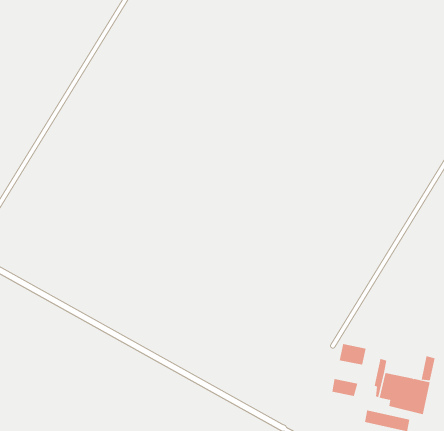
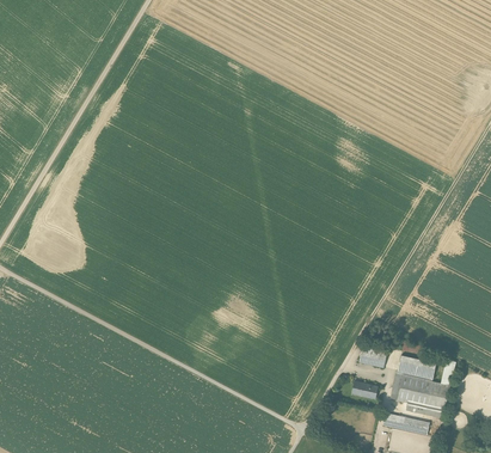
building: none -> [399,355,436,381]

